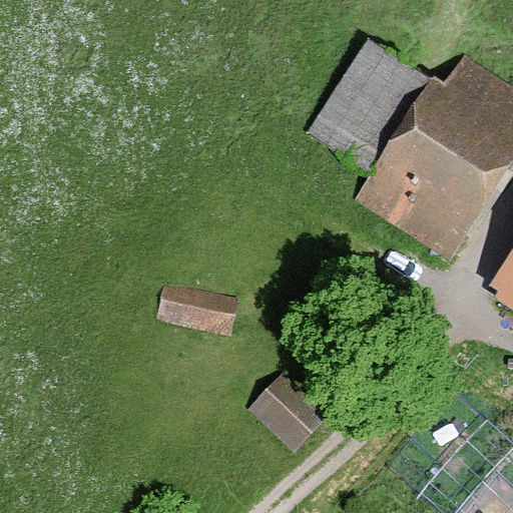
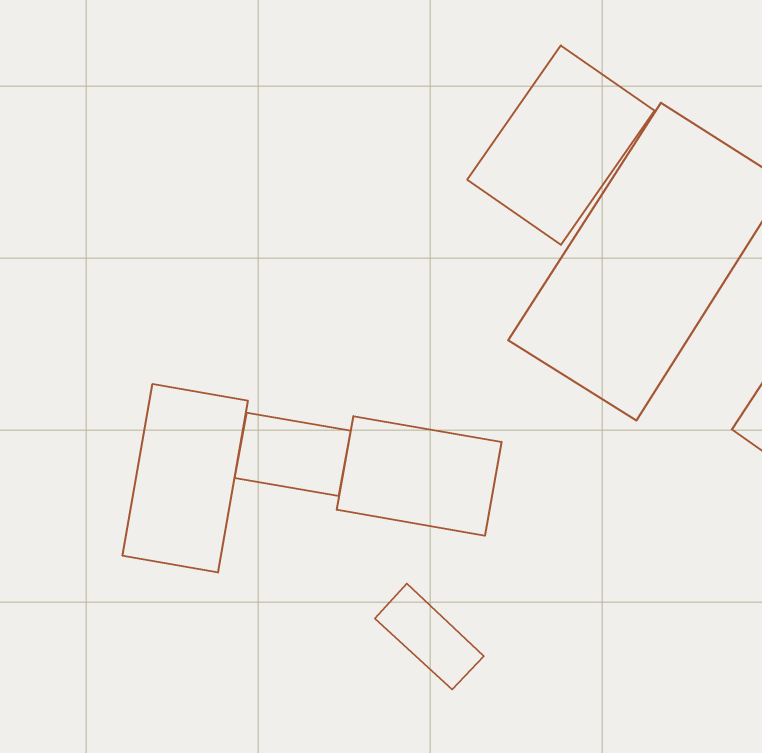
building: none -> [123,384,248,573]
building: none -> [337,416,501,536]

